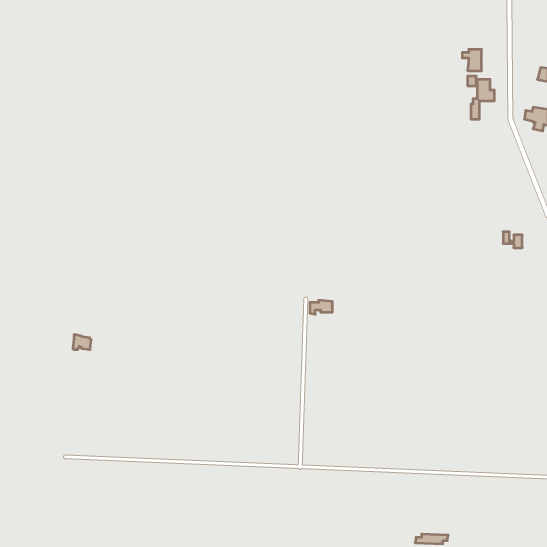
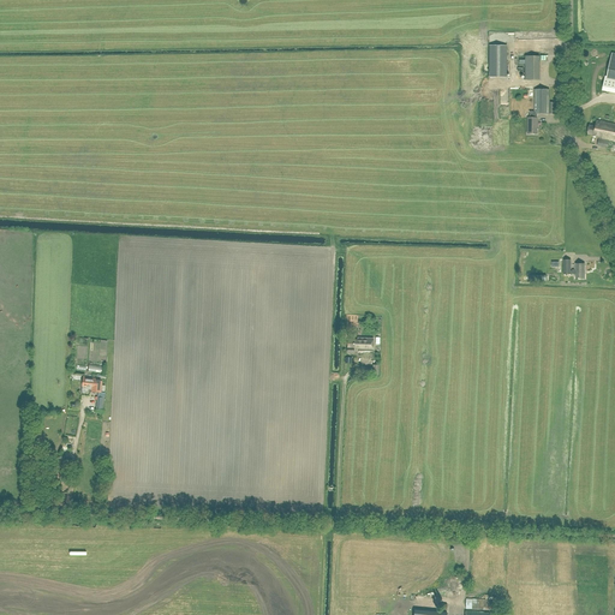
building: none -> [490,44,507,76]

